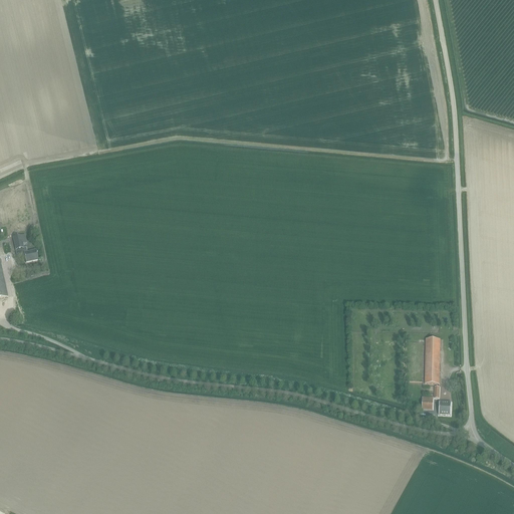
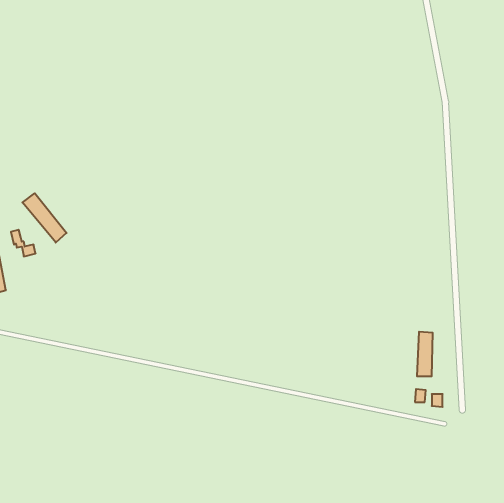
building: none -> [22,193,67,243]

